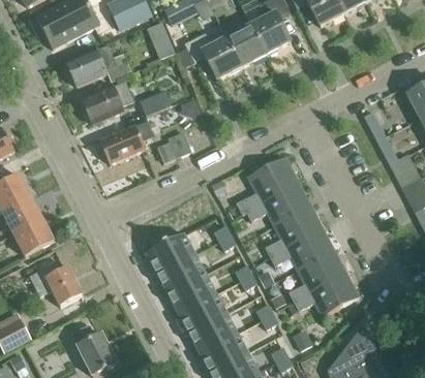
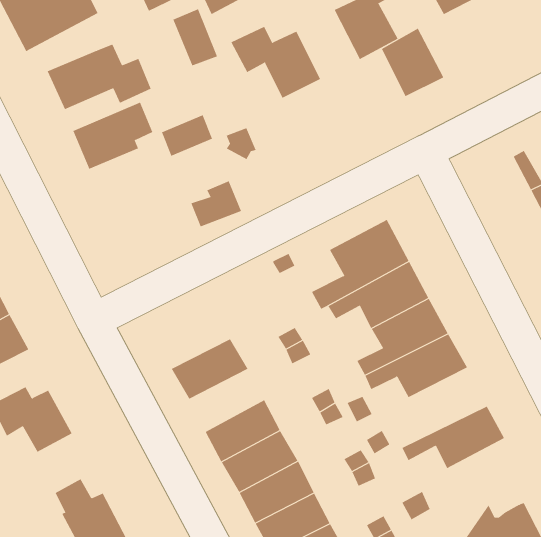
building: [226,23,267,67] -> [381,28,444,97]
building: [100,120,155,163] -> none
building: [289,252,348,304] -> none
building: [157,253,206,293] -> none

